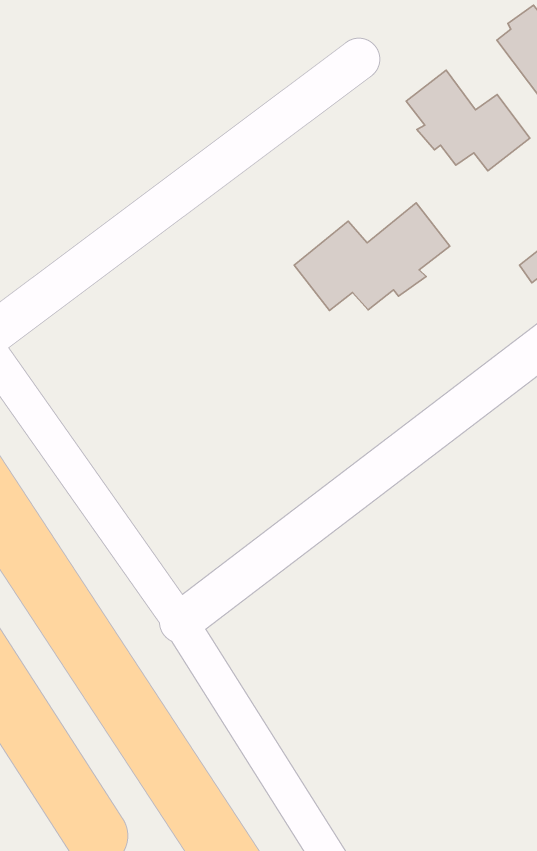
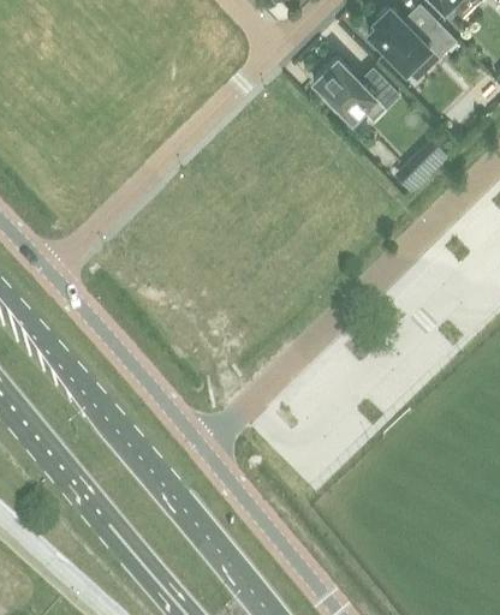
building: [294,203,450,310] -> none

